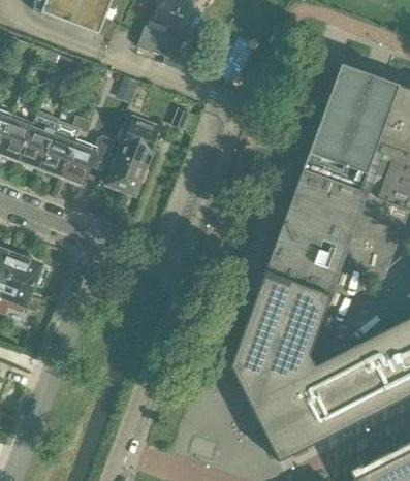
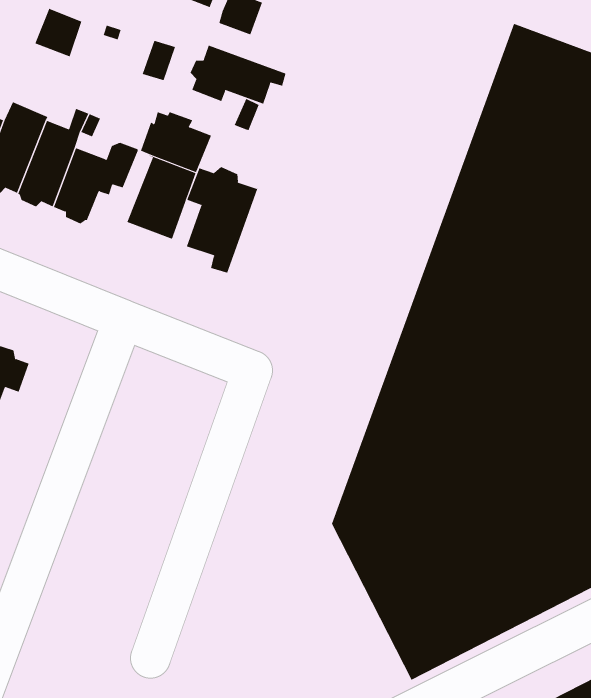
building: none -> [190,44,286,105]
building: none -> [186,166,259,273]

